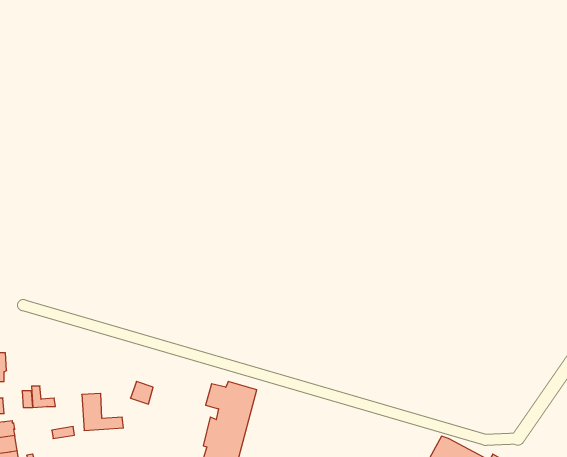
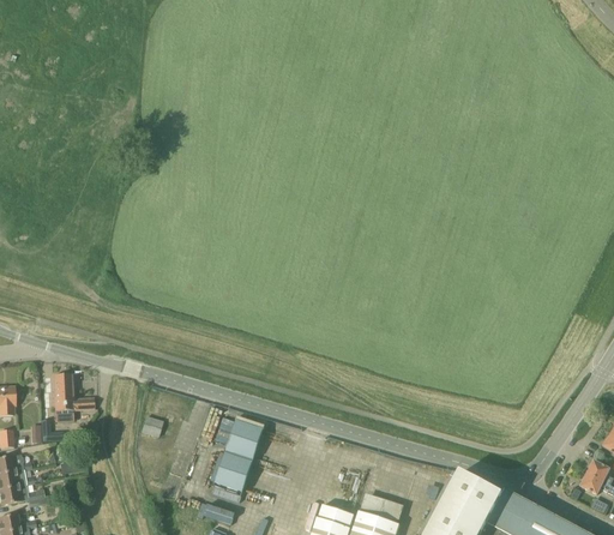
building: [82,393,123,430] -> [53,374,95,411]

